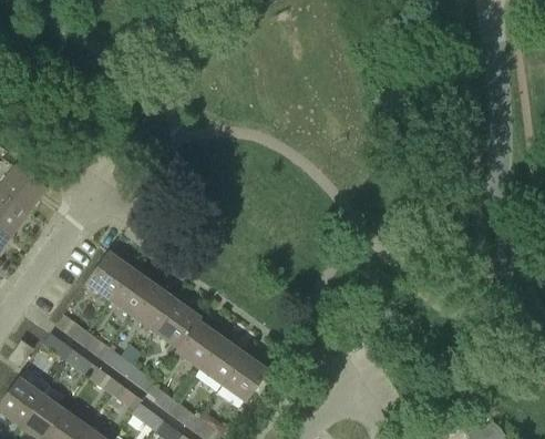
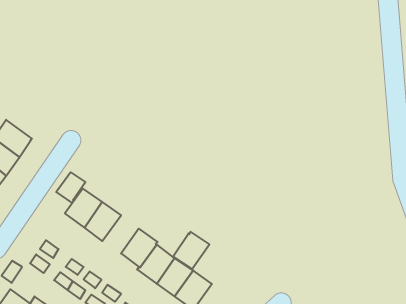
building: none -> [56,172,85,203]
building: [133,284,178,331] -> none
building: none -> [173,232,209,269]

